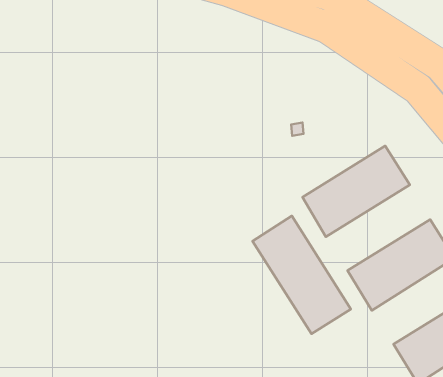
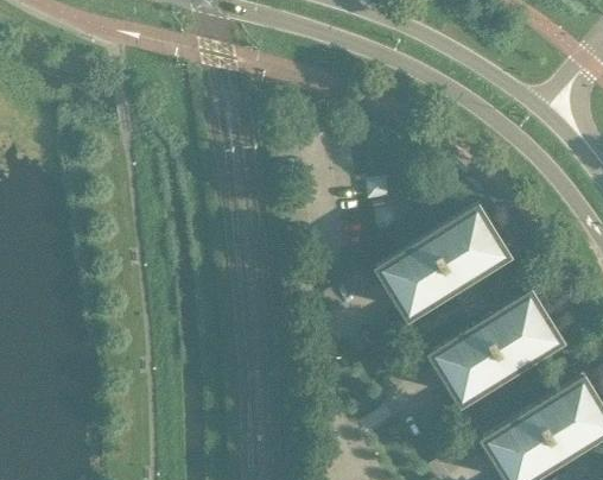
building: [252,216,351,334] -> none

